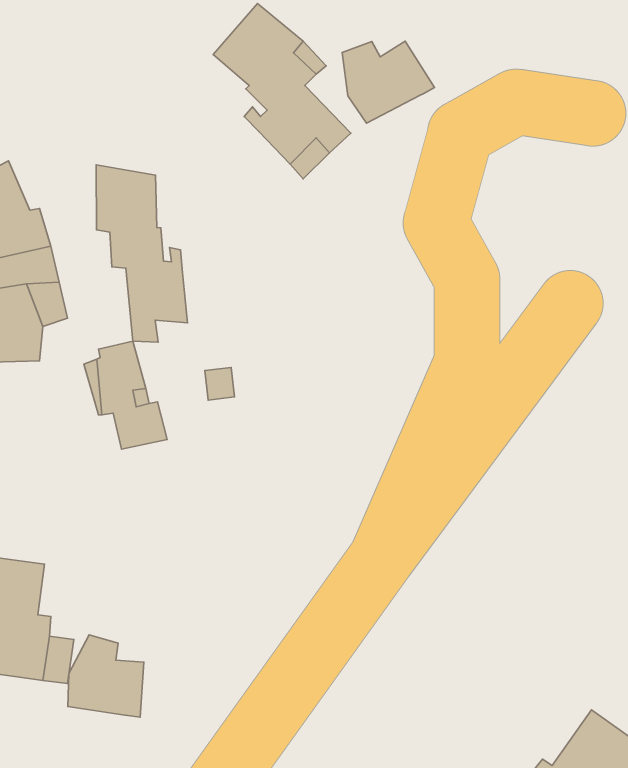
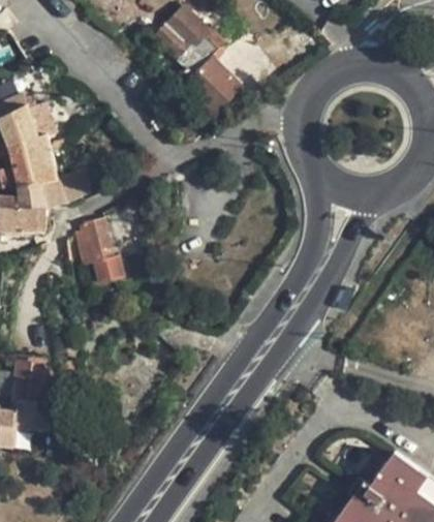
building: [342,41,435,123] -> none
building: [96,165,188,342] -> none
building: [68,635,144,717] -> none

